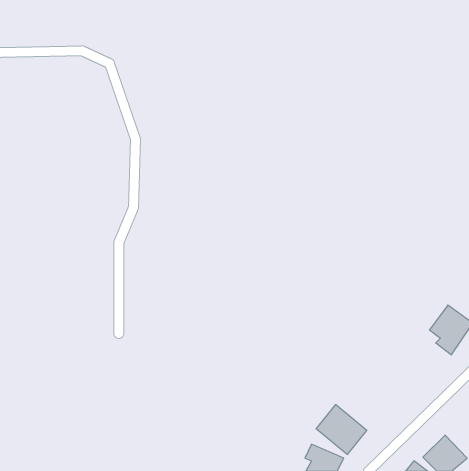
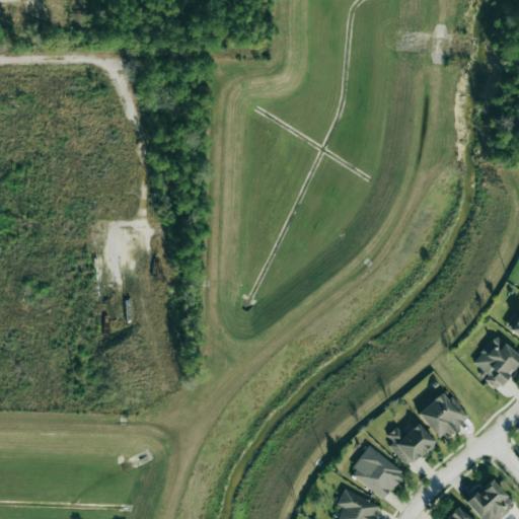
building: none -> [418,392,469,440]
building: none -> [384,422,436,466]

